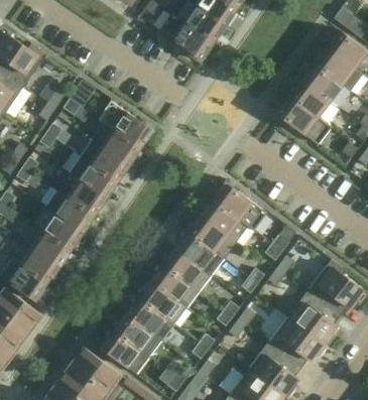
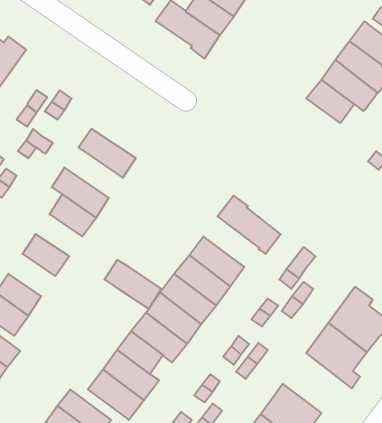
building: [274,97,331,145] -> none
building: [98,101,155,148] -> none
building: [80,139,130,182] -> none
building: [45,190,95,233] -> [104,260,162,309]
building: [200,198,248,242] -> none
building: [31,231,72,267] -> none
building: [268,316,328,368] -> none

